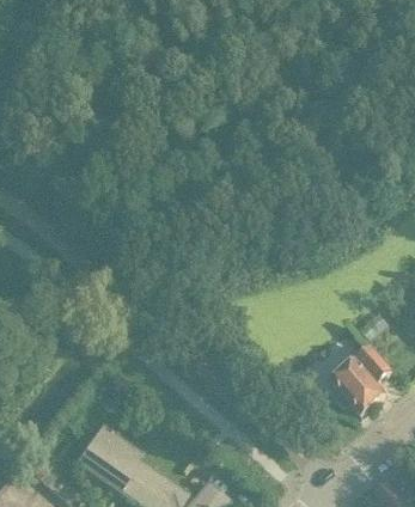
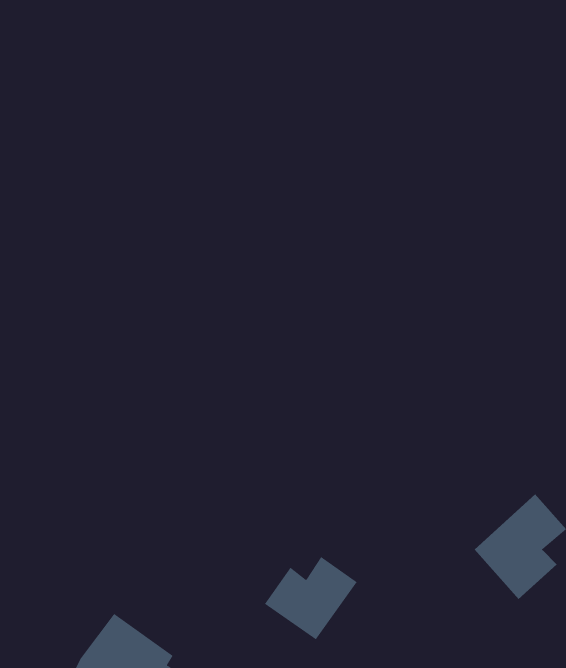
building: none -> [264,556,358,640]

